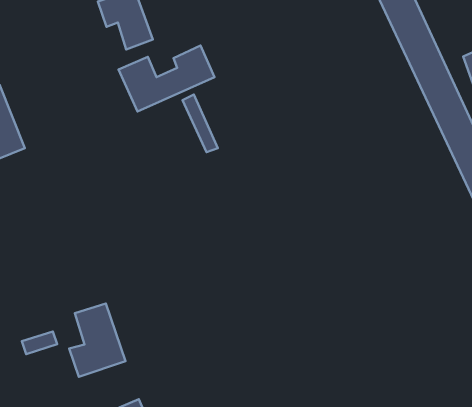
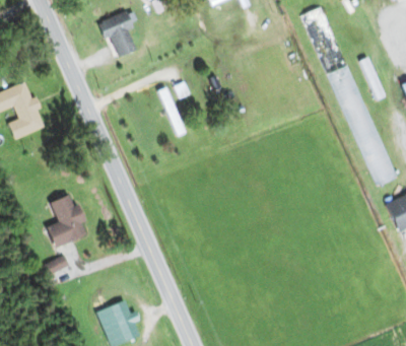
building: [119,46,215,112] -> none
building: [69,303,125,377] -> [47,195,87,248]

